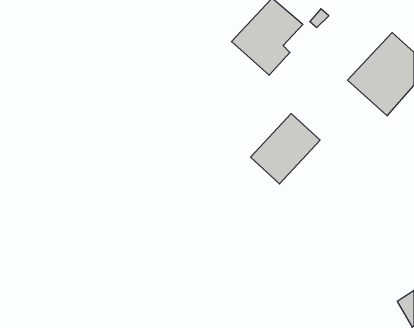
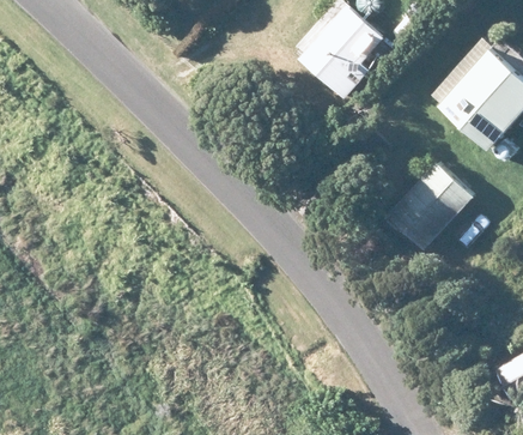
building: [251,114,320,184] -> [388,164,472,249]

